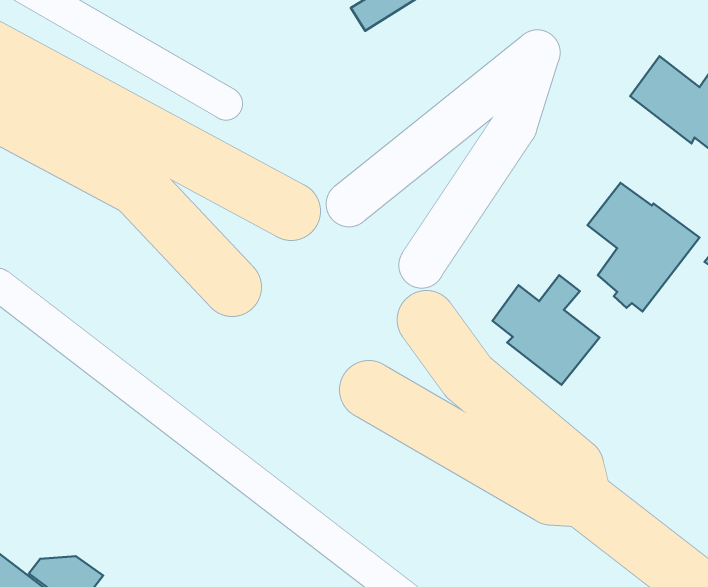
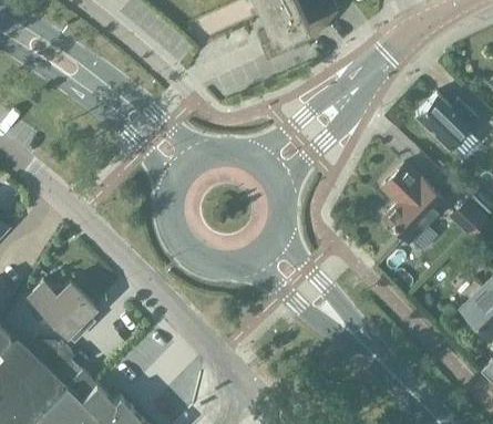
building: [492,275,599,385] -> none
building: none -> [28,280,95,330]

